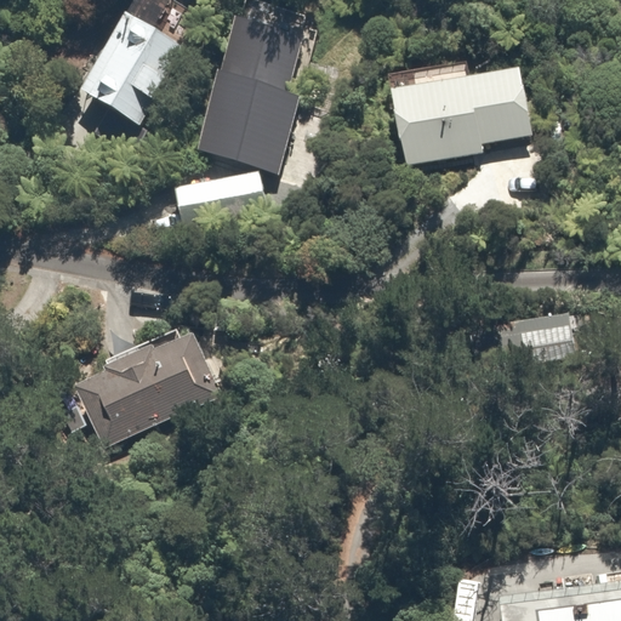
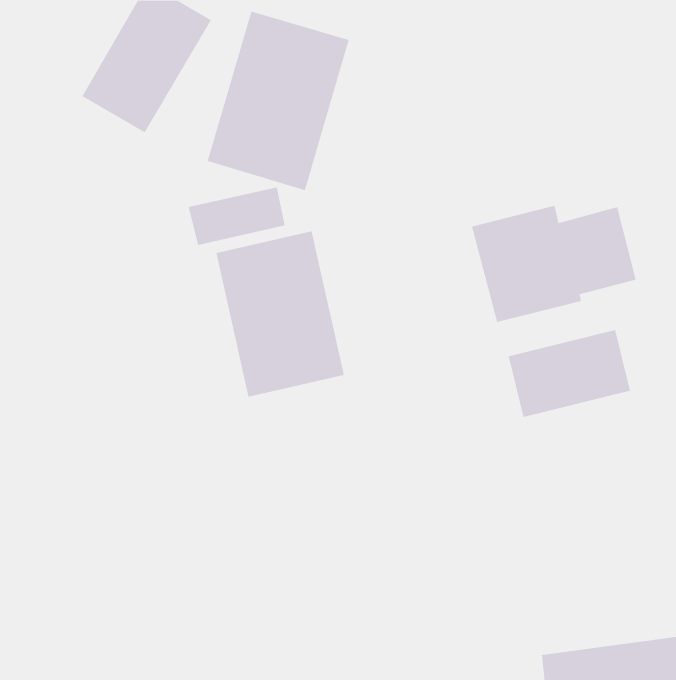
building: [386,64,536,171] -> [471,205,636,323]
building: none -> [216,231,344,398]
building: [75,331,220,446] -> none

